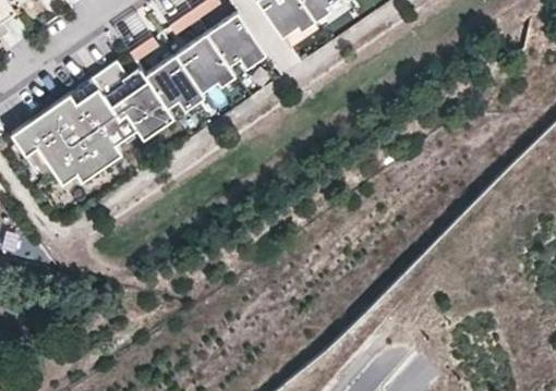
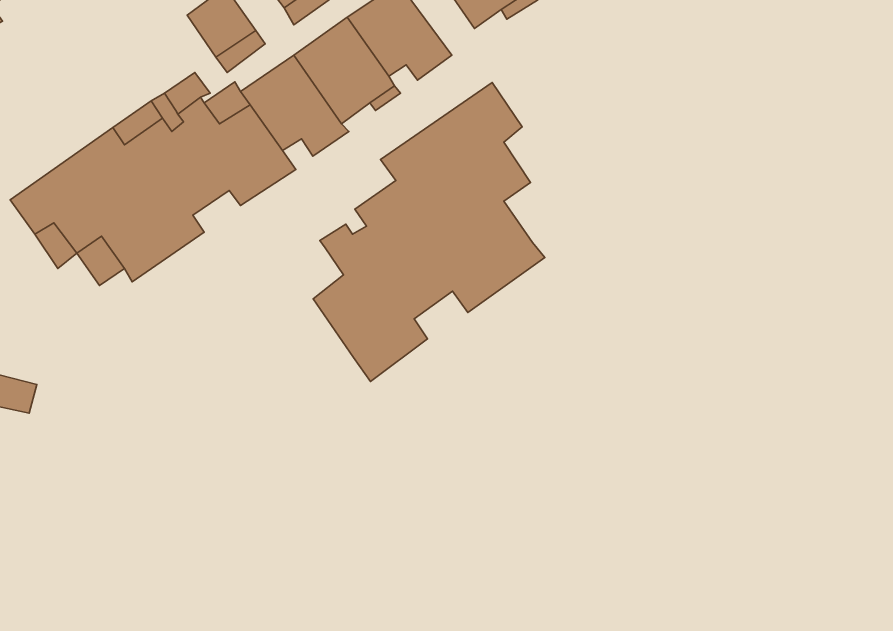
building: none -> [313,82,545,382]

